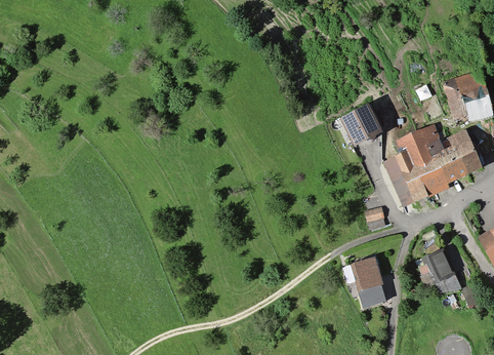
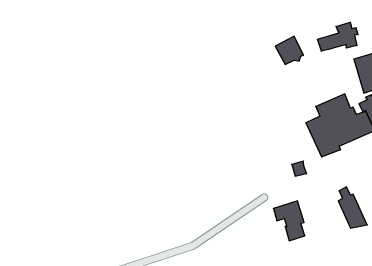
building: none -> [318,22,358,51]
building: [344,108,379,143] -> [275,36,303,64]

